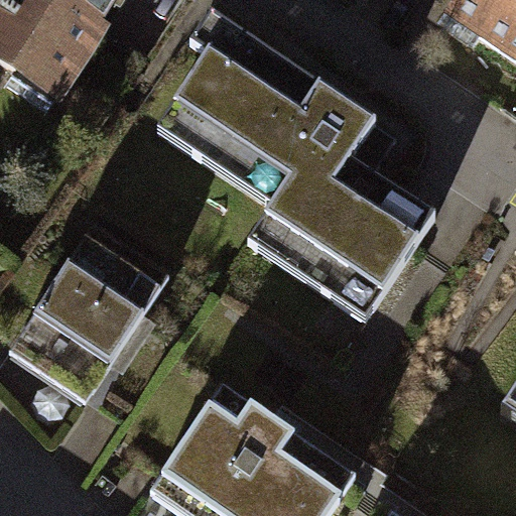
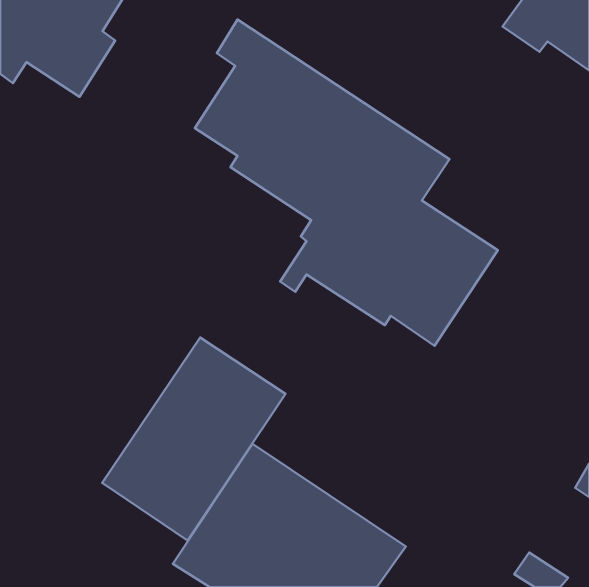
building: [8,227,168,404] -> [102,337,285,540]

